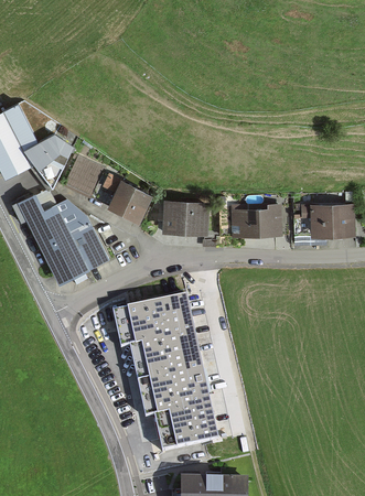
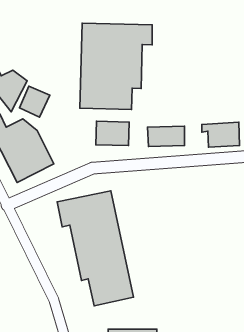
building: none -> [80,23,152,109]
building: [109,182,151,222] -> none

